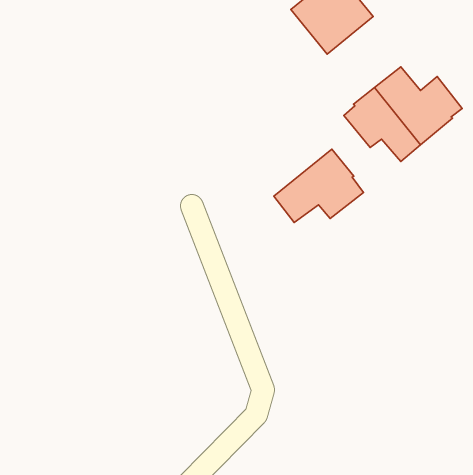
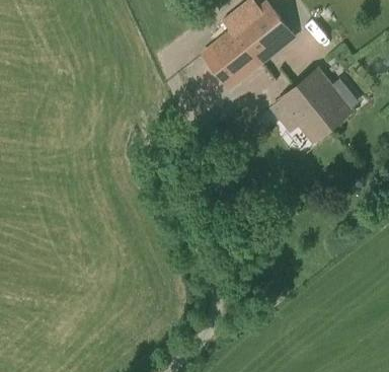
building: none -> [202,30,259,88]
building: [274,149,364,222] -> none

